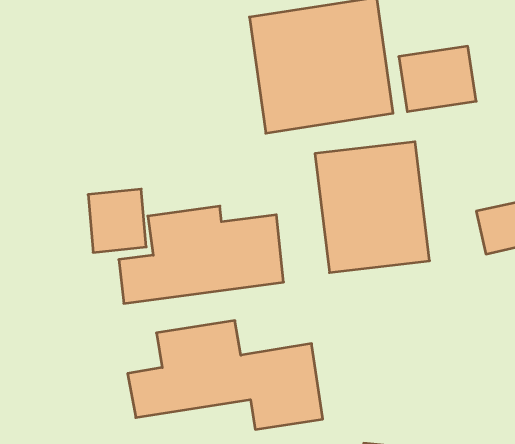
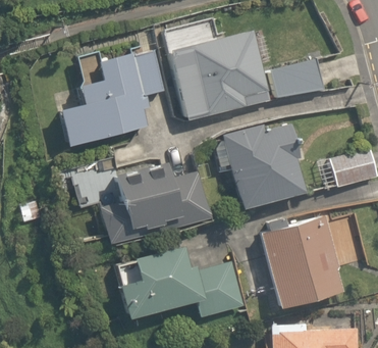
building: none -> [57,47,167,145]
building: none -> [261,206,348,308]

